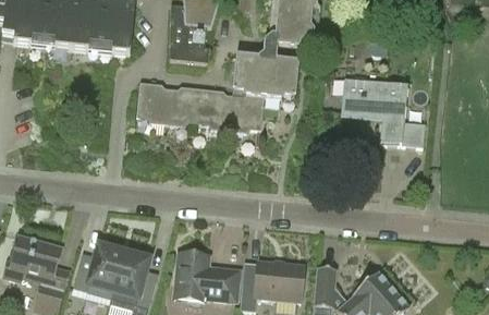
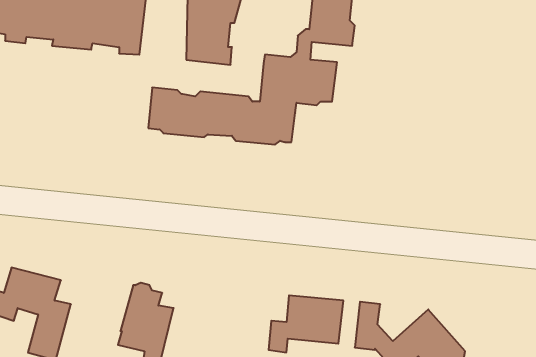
building: [342,80,426,147] -> none
building: [73,245,123,292] -> none
building: [174,253,239,302] -> none

